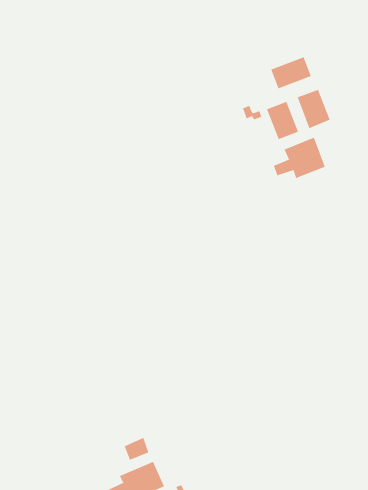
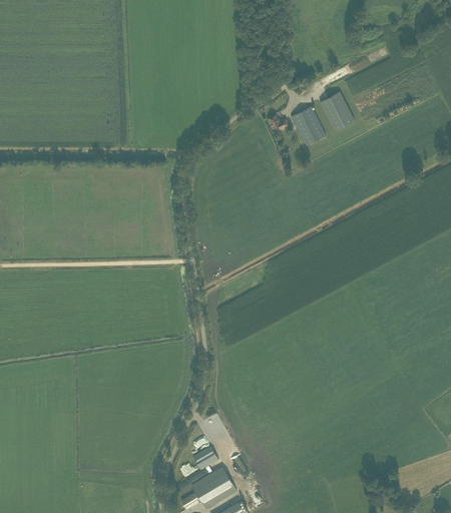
building: [270,56,312,89] -> none
building: [273,137,326,179] -> none

